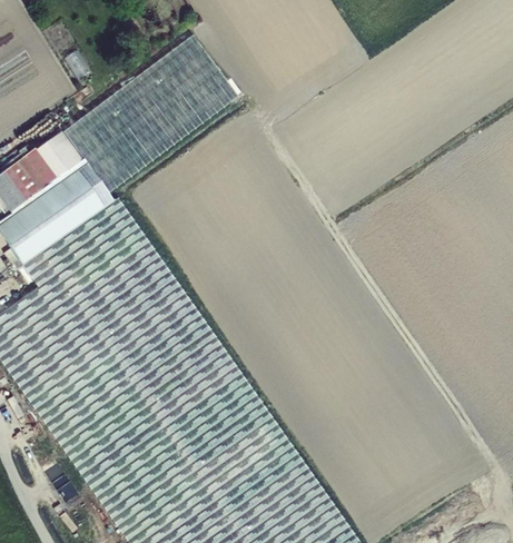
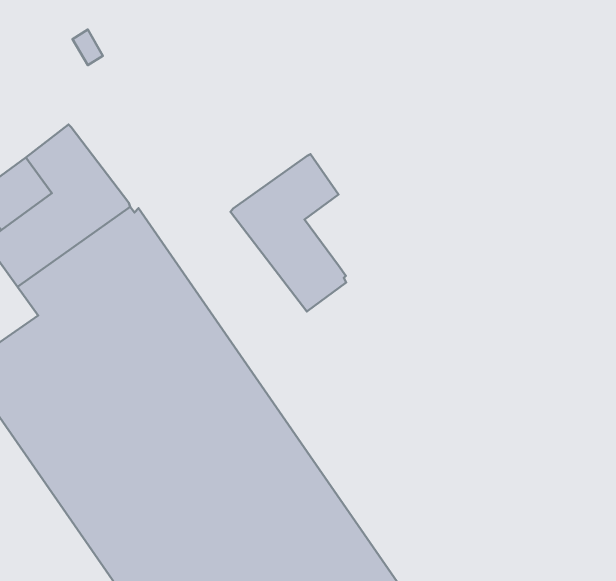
building: [63,34,240,192] -> none
building: none -> [231,154,346,312]

